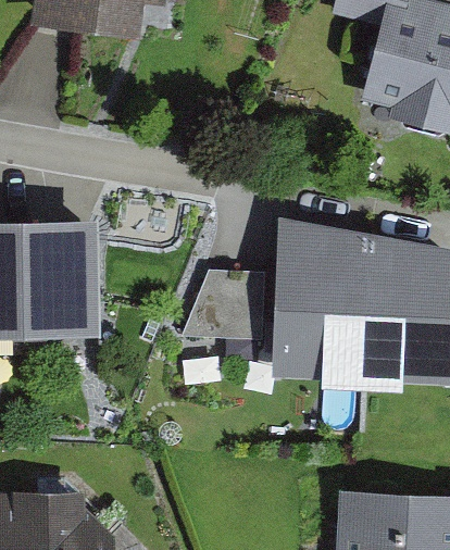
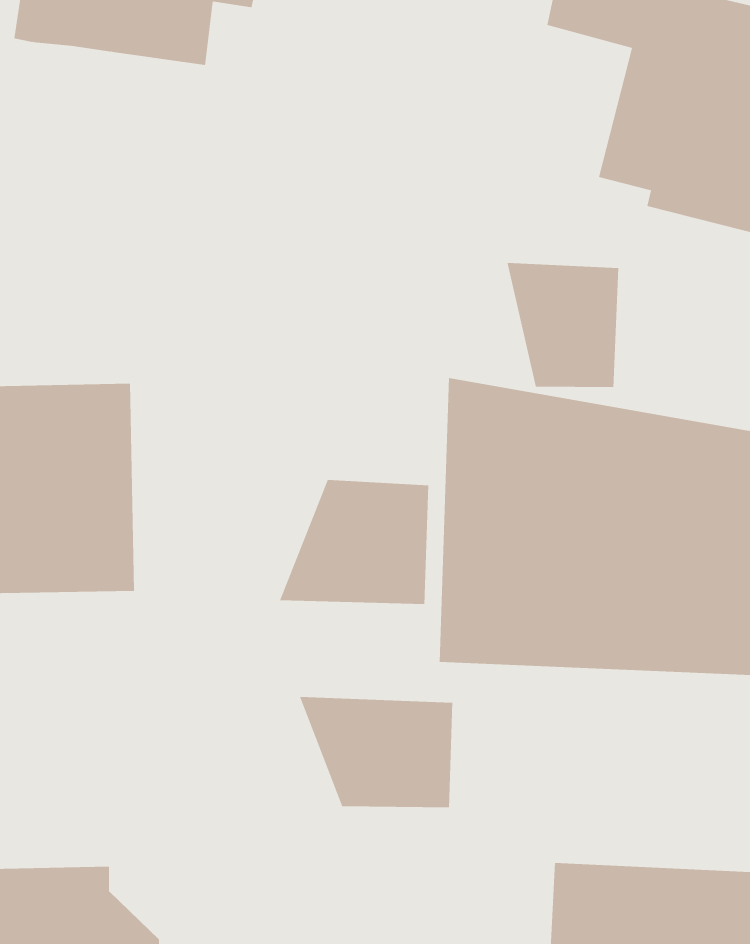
building: none -> [507,262,619,388]
building: none -> [299,696,453,808]

